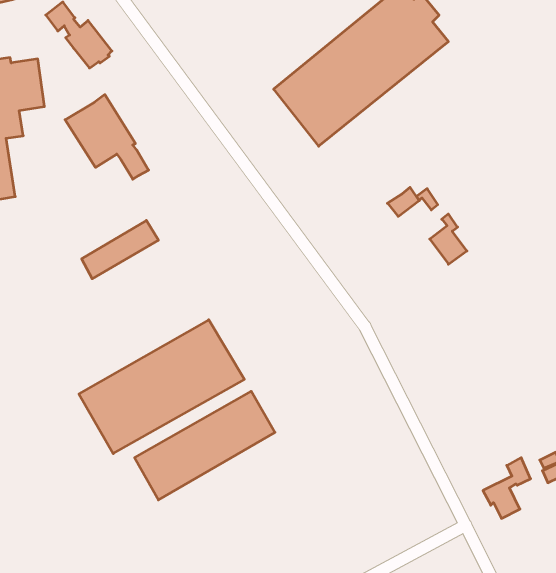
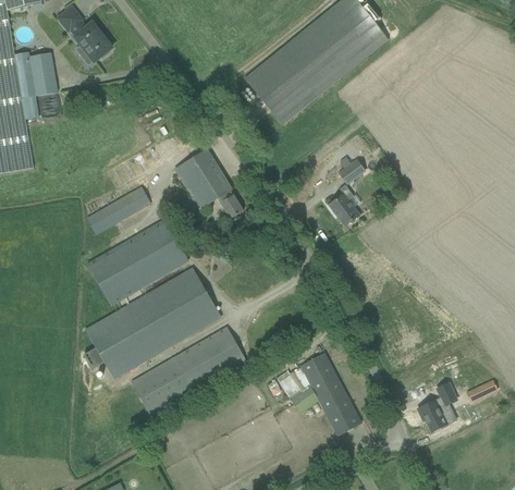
building: [65,95,149,179] -> [174,148,243,218]
building: [430,214,467,264] -> [329,184,359,225]
building: none -> [87,219,187,304]
building: none -> [289,353,361,434]

